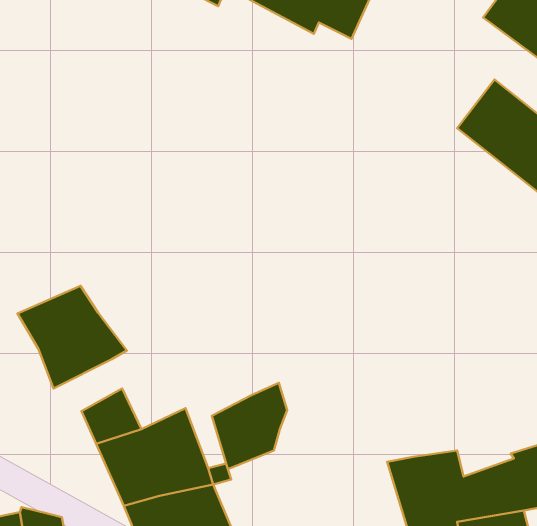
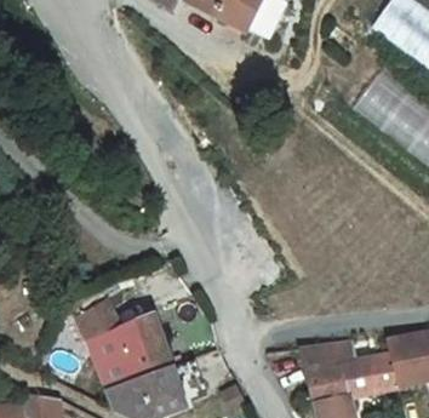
building: [18,286,127,388] -> none
building: [212,383,287,469] -> none

